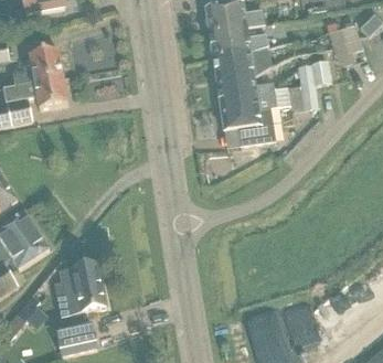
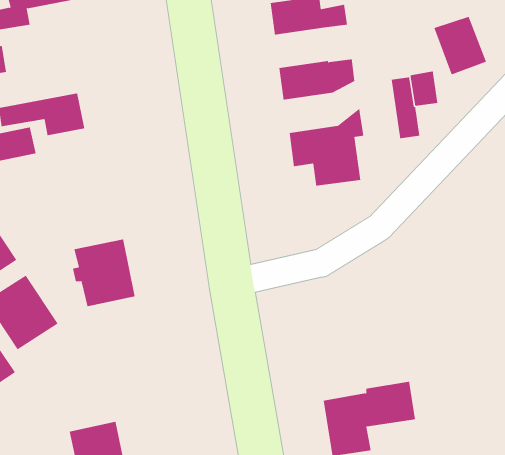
building: [209,28,267,57] -> none
building: [12,50,62,85] -> none
building: [215,76,273,106] -> none
building: [58,264,106,314] -> [72,239,136,307]

